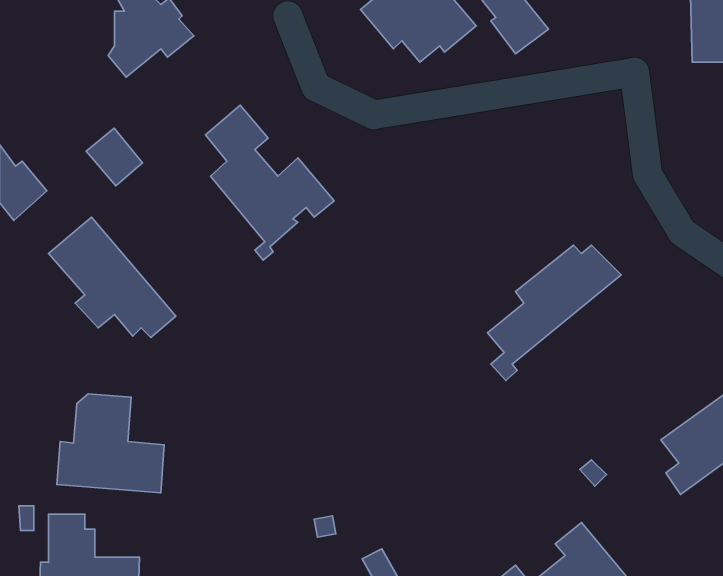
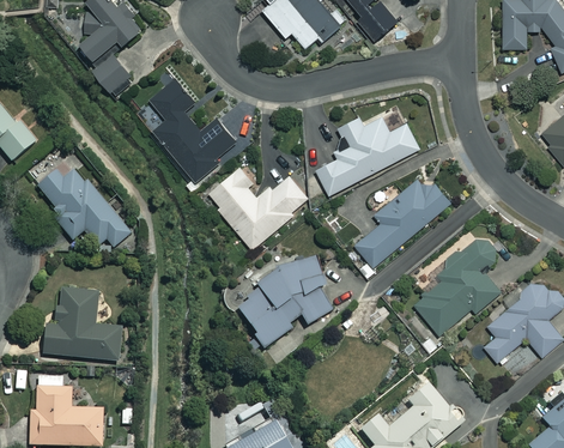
building: [86,128,142,186] -> [95,54,135,96]
building: none -> [316,114,420,195]
building: none -> [207,167,310,250]
building: none -> [413,235,501,334]
building: none -> [238,254,336,347]

